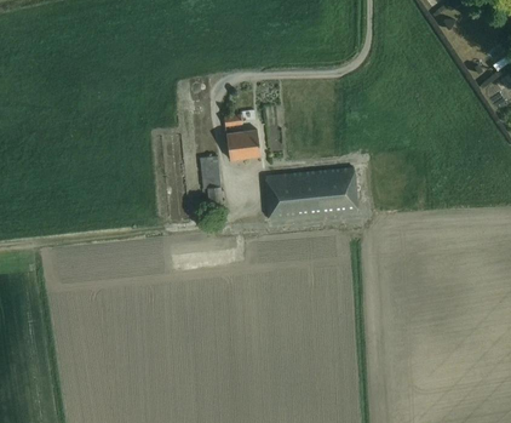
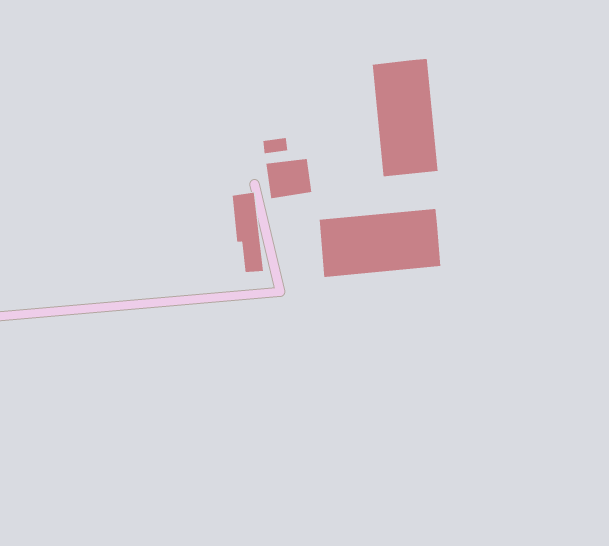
building: none -> [372,58,438,177]

